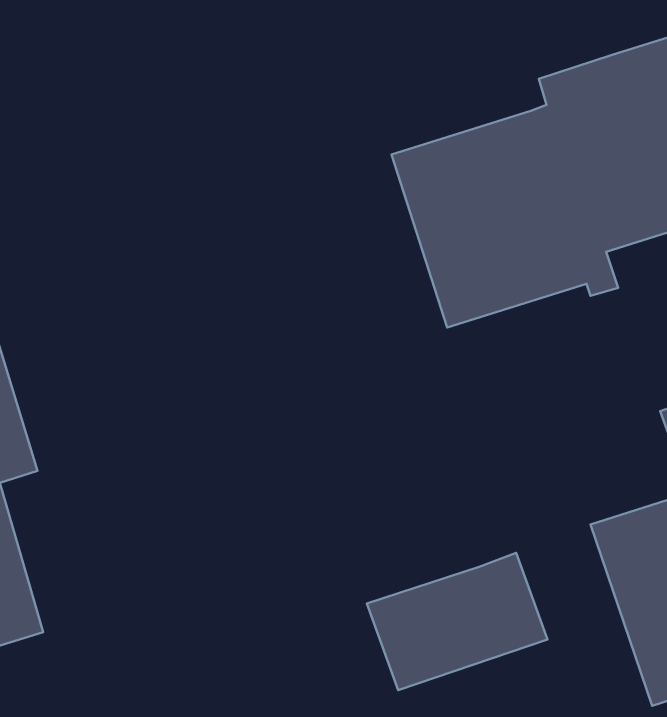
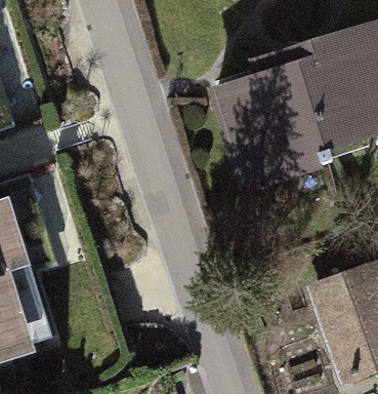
building: [367,553,547,690] -> none

